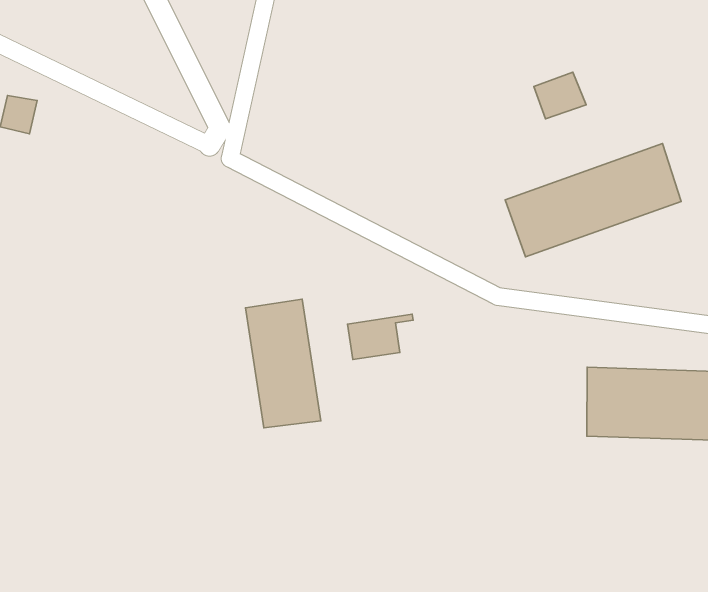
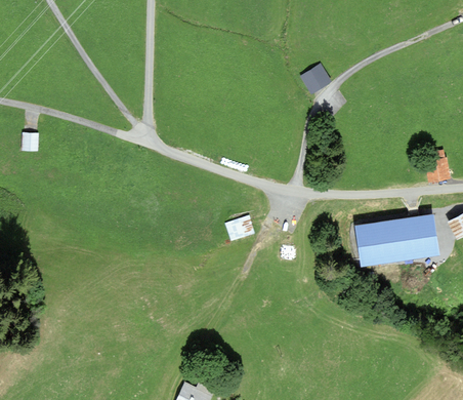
building: [505,143,681,257] -> none
building: [246,299,321,428] -> none

